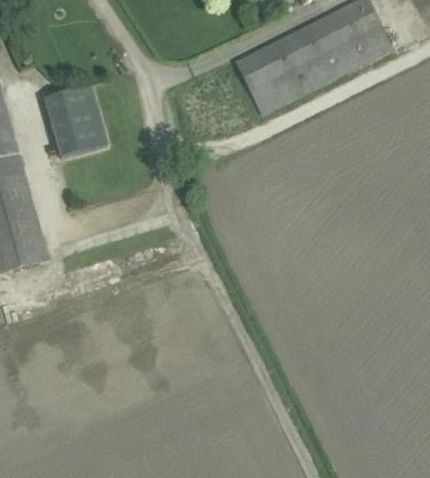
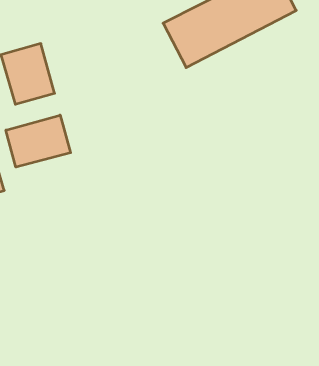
building: none -> [6,115,71,167]

